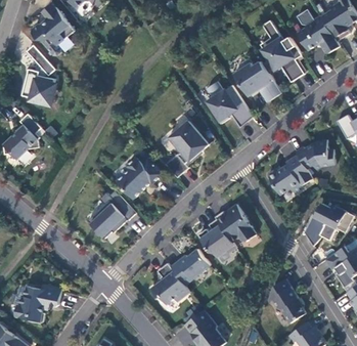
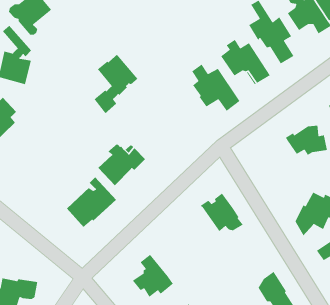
building: [165,120,208,177] -> [93,54,139,114]
building: [267,155,312,193] -> none
building: [197,218,236,257] -> none
building: [170,248,210,284] -> none

